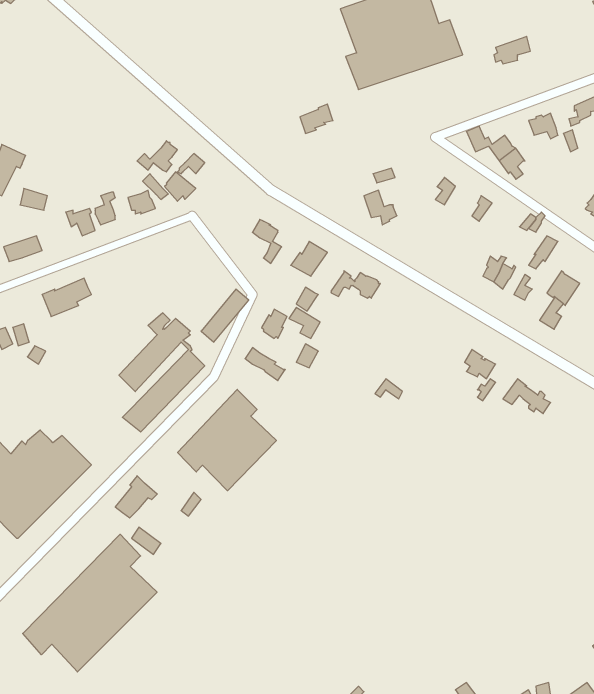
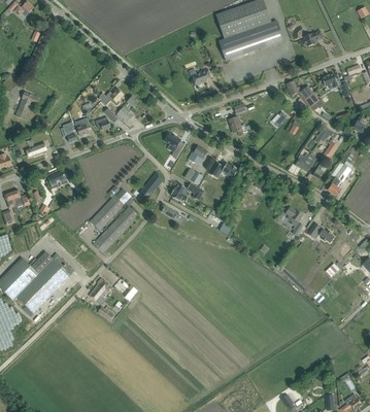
building: [178,389,276,491] -> none
building: [23,534,157,672] -> none

